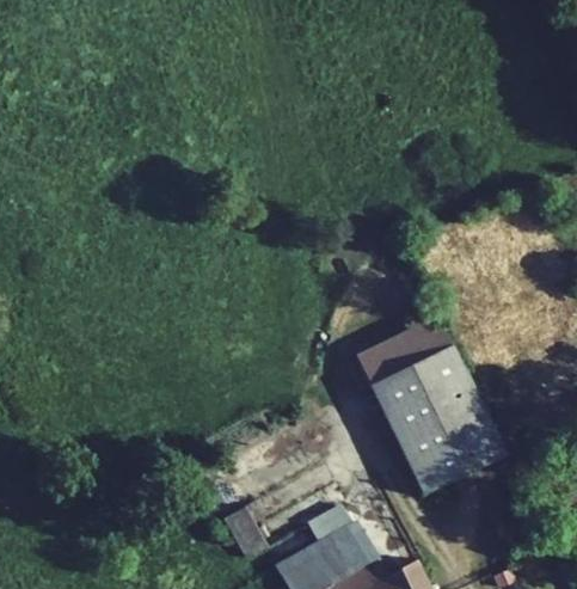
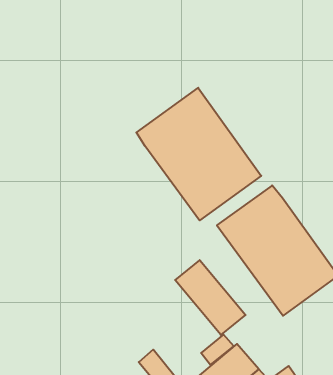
building: none -> [136,88,261,220]
building: none -> [175,260,246,335]

